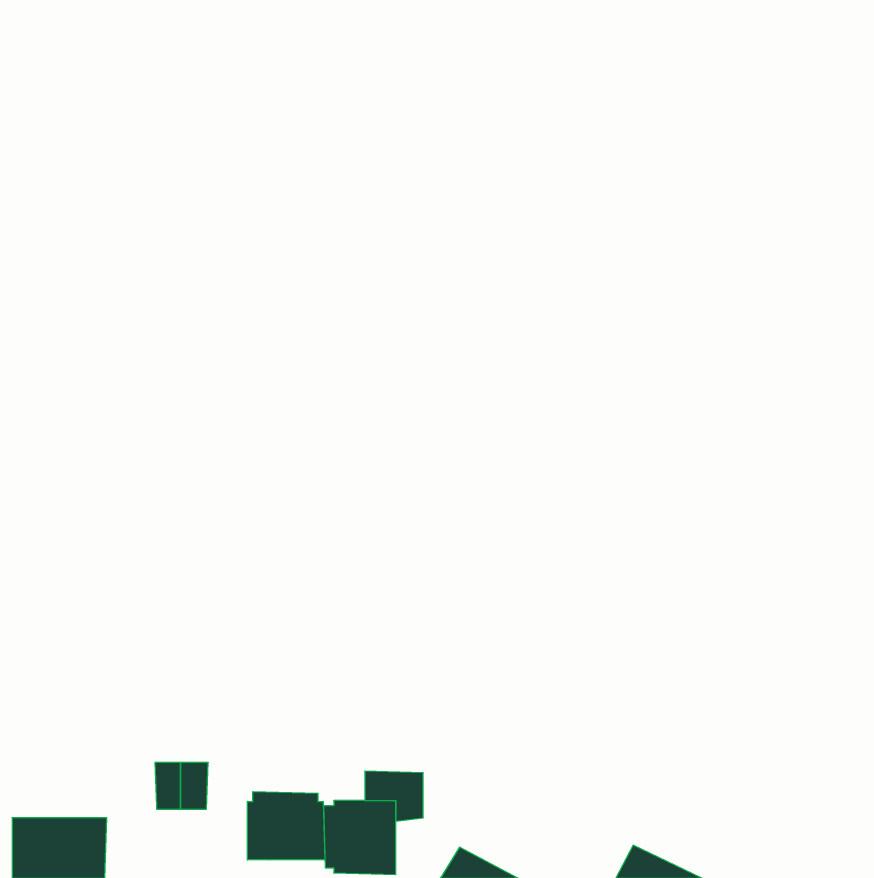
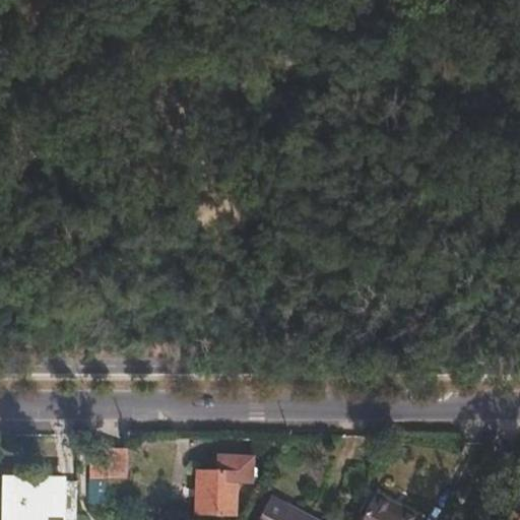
building: [247,792,325,860] -> none

